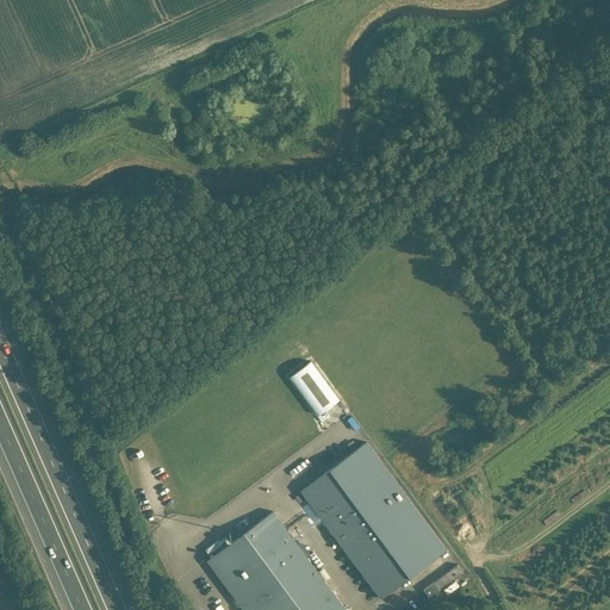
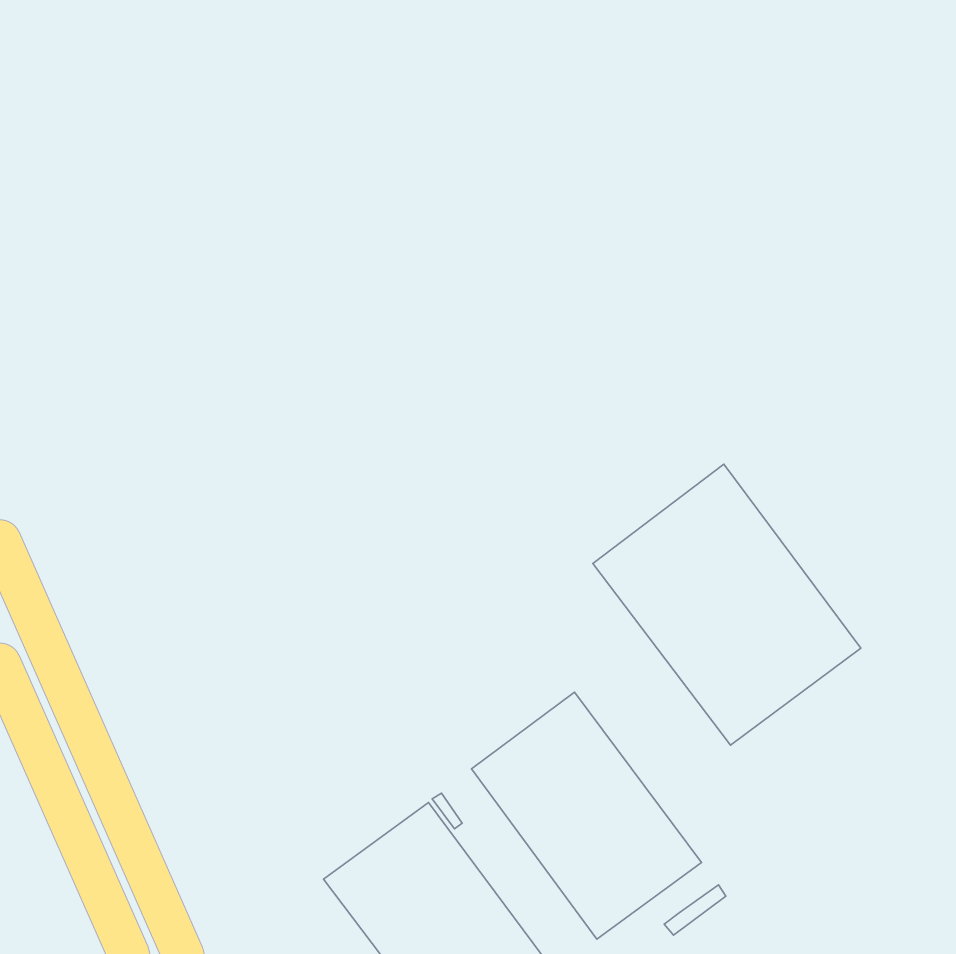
building: none -> [593,464,861,745]
building: [290,361,340,416] -> none

